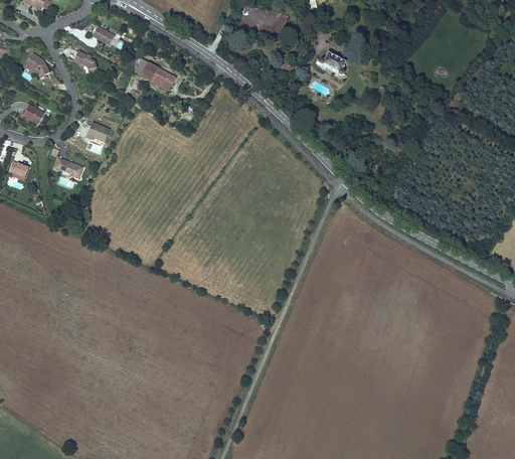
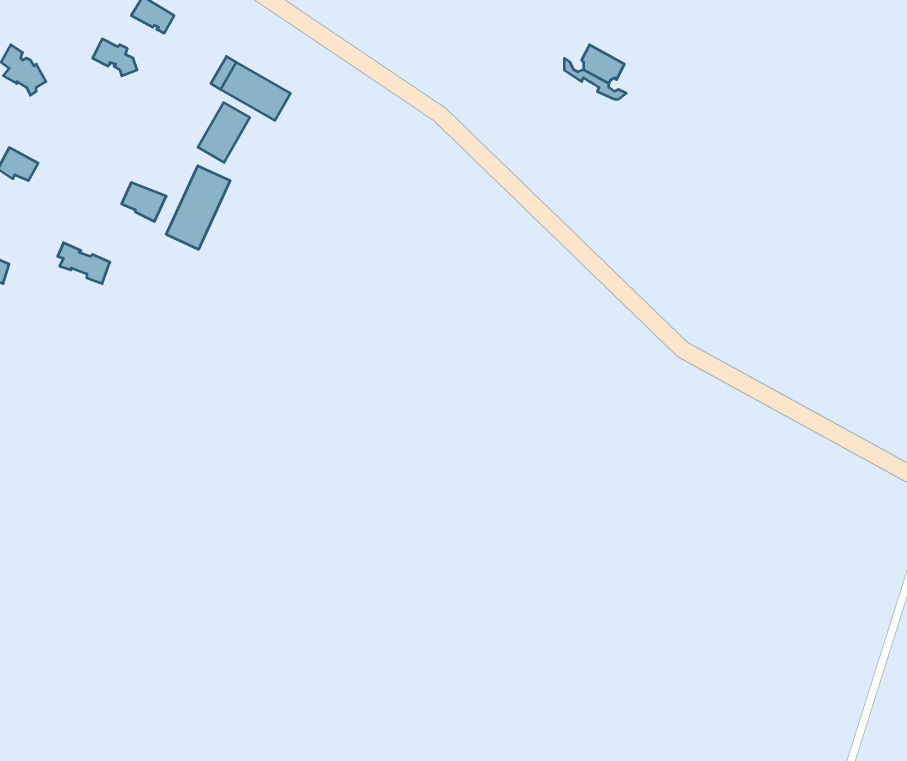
building: none -> [198,103,250,162]
building: none -> [166,166,230,249]

